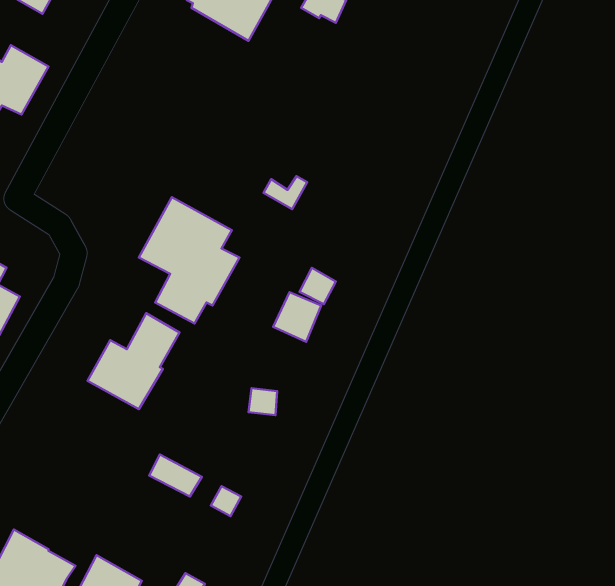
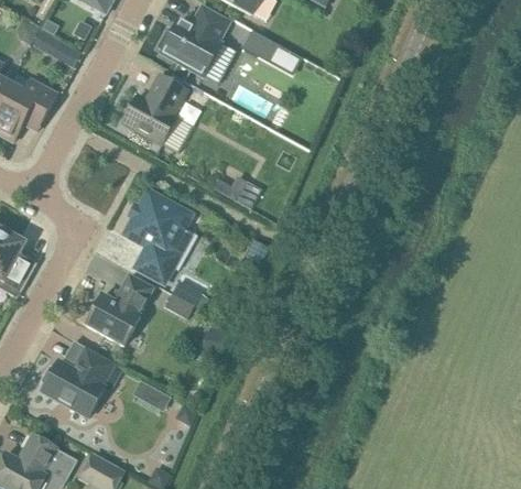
building: none -> [121,74,186,143]
building: [273,292,321,342] -> [163,279,198,315]
building: none -> [41,347,113,416]

